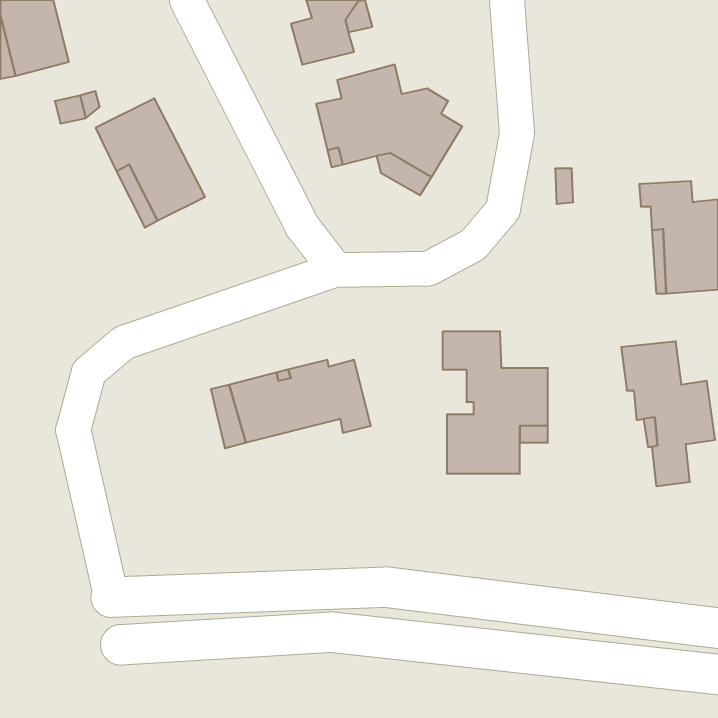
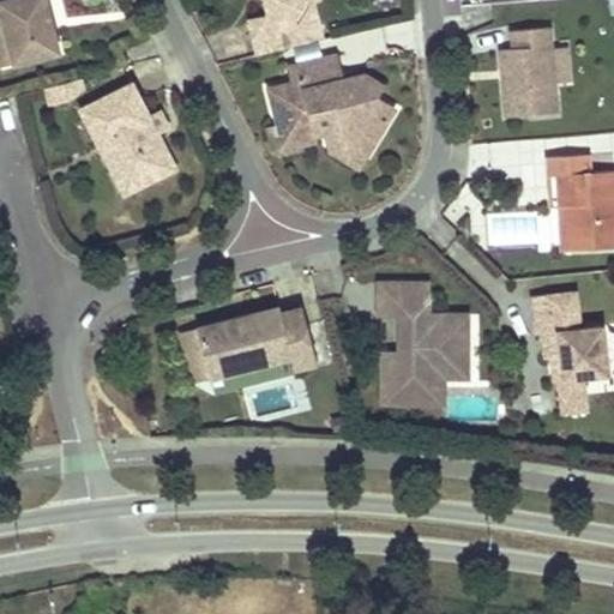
building: none -> [499,28,558,116]

